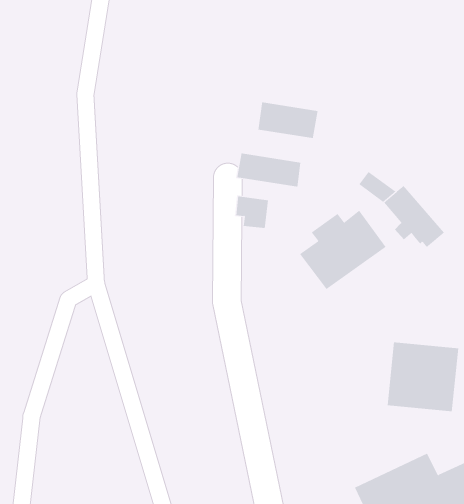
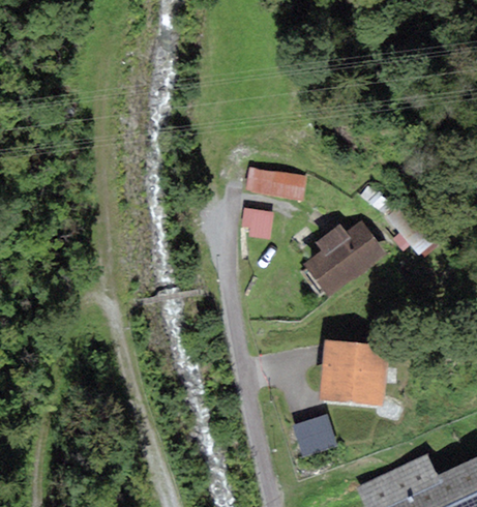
building: [258,102,318,139] -> none
building: [387,342,459,412] -> [318,339,387,407]
building: none -> [292,415,337,458]

